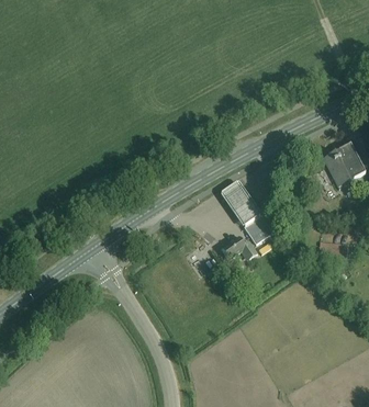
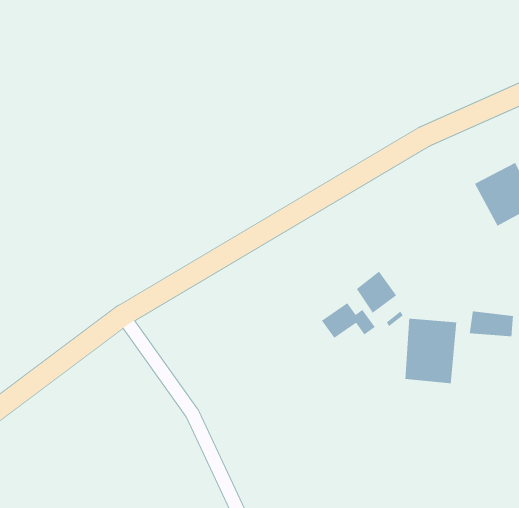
building: [222,179,261,223] -> none
building: none -> [404,318,457,384]

